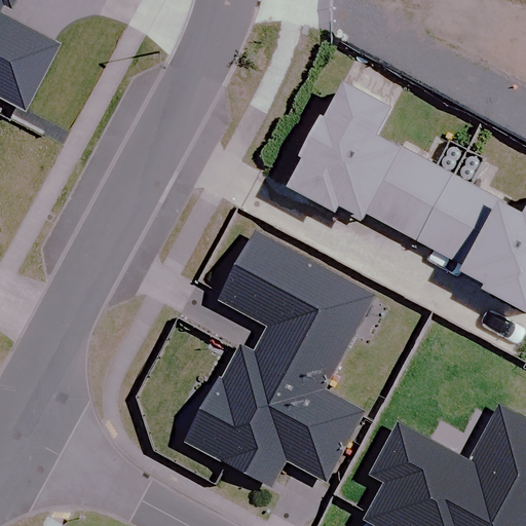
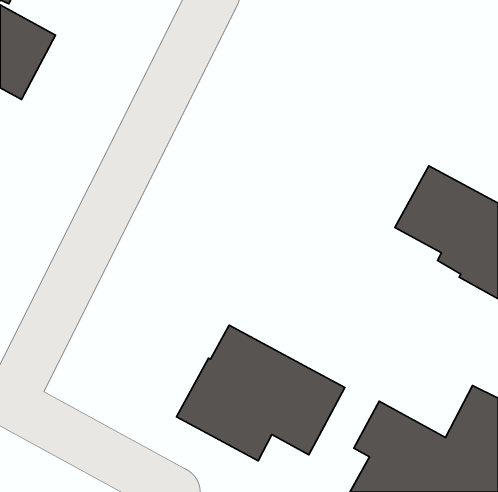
building: [288,86,452,239] -> none
building: [219,230,376,387] -> none

